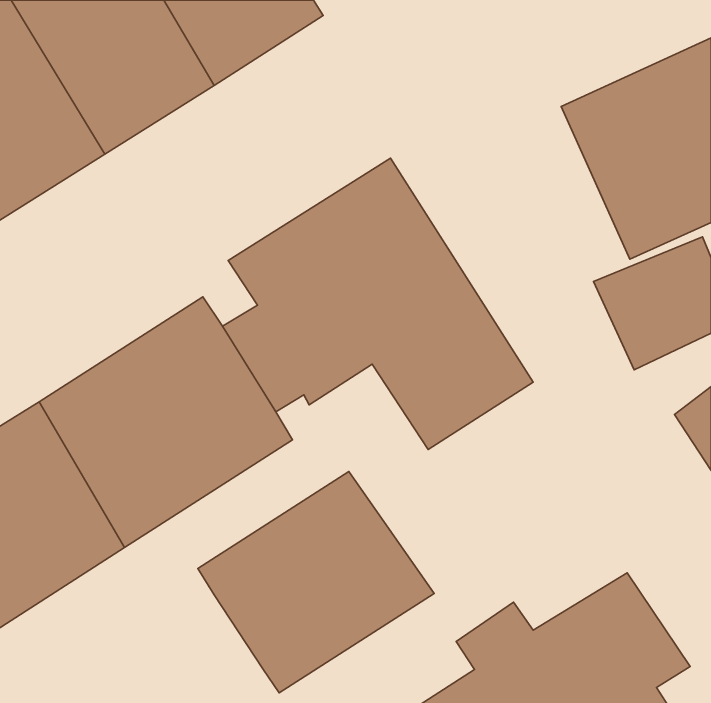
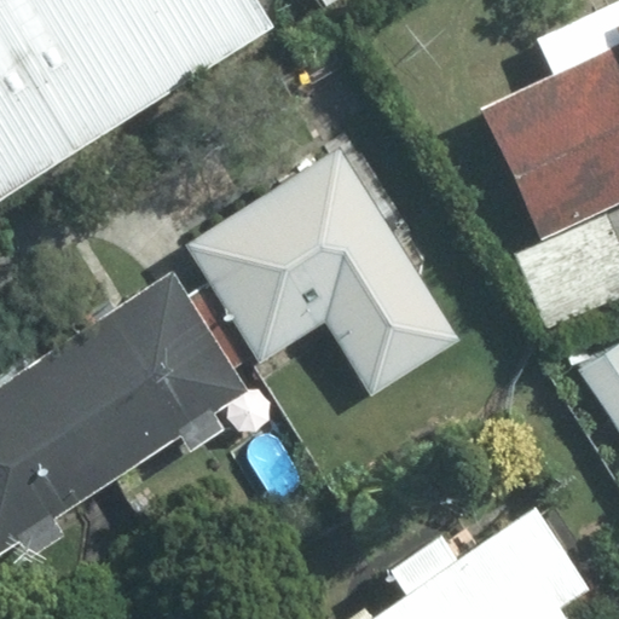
building: [198,472,434,693] -> none

